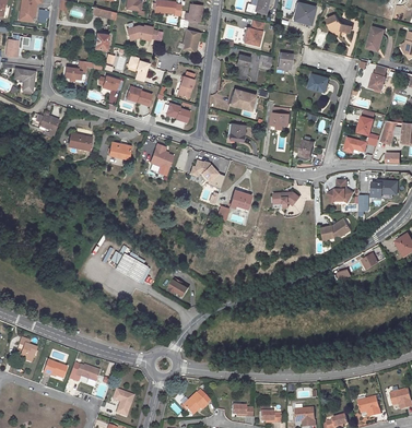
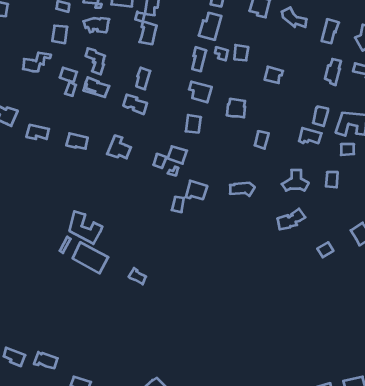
building: none -> [70,211,102,244]

